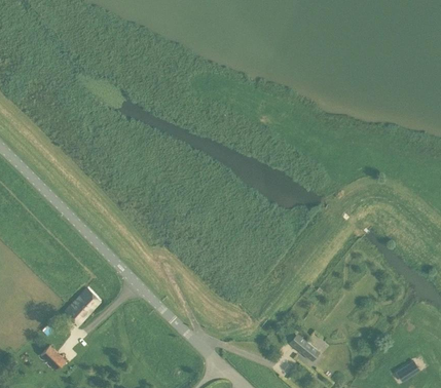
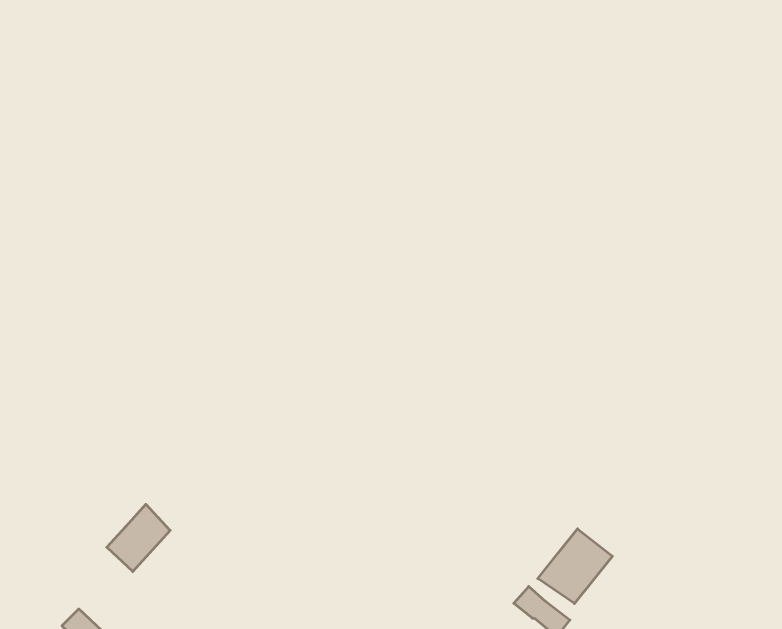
building: none -> [538,529,612,604]

